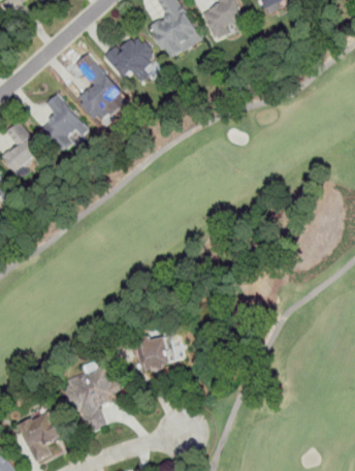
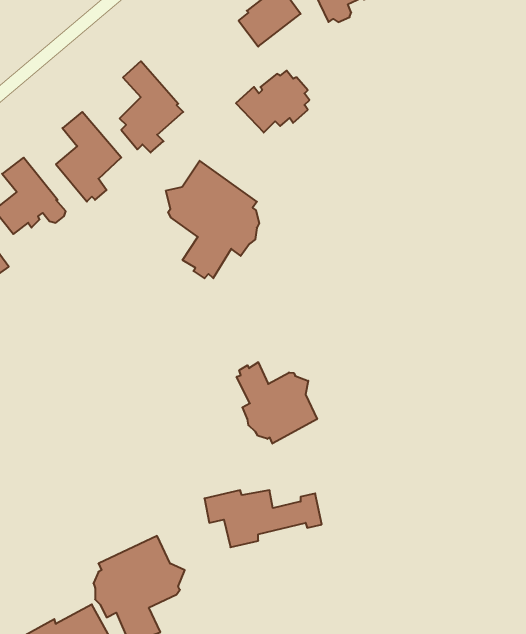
building: [104,37,151,76] -> [236,71,309,133]
building: none -> [166,161,259,278]
building: none -> [237,362,317,444]

